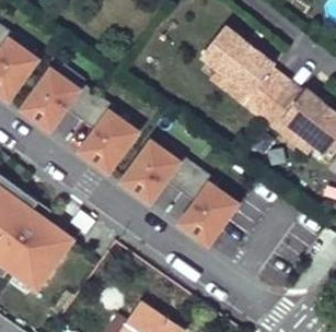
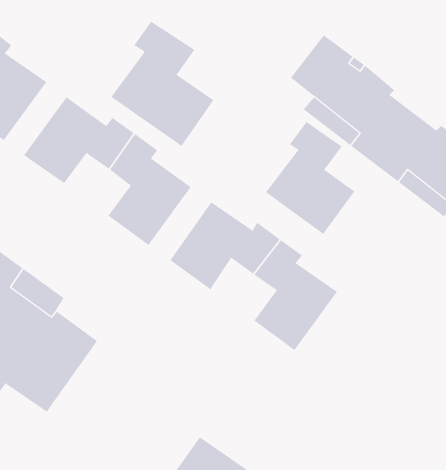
building: none -> [111,21,214,147]
building: none -> [265,121,355,235]

